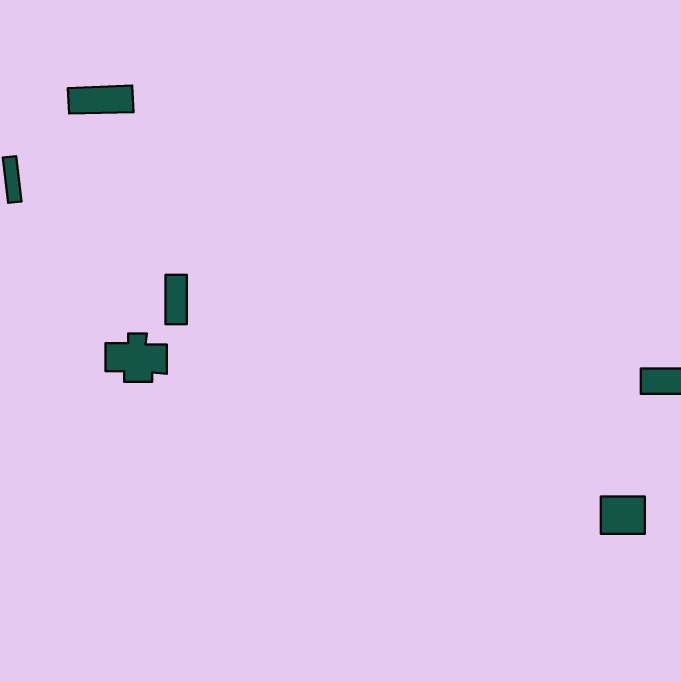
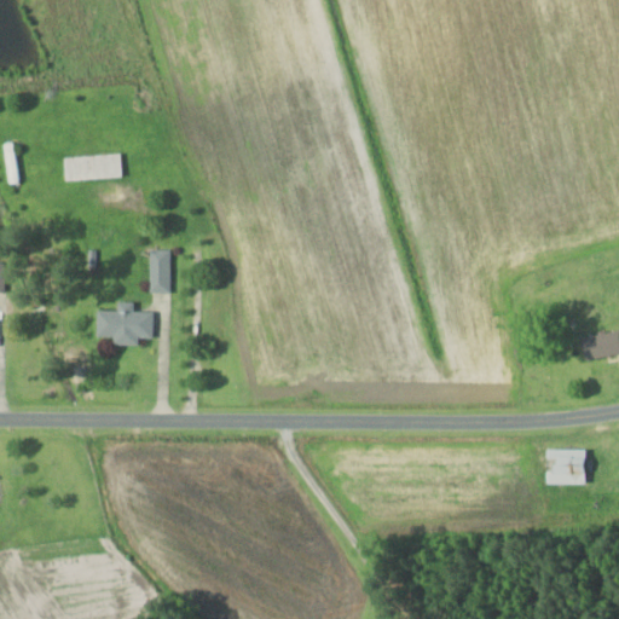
building: [68,85,133,113] -> [63,154,122,179]

